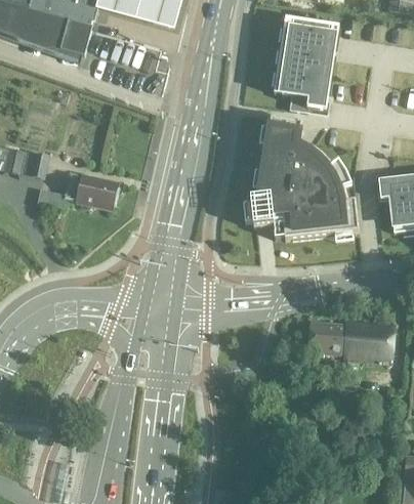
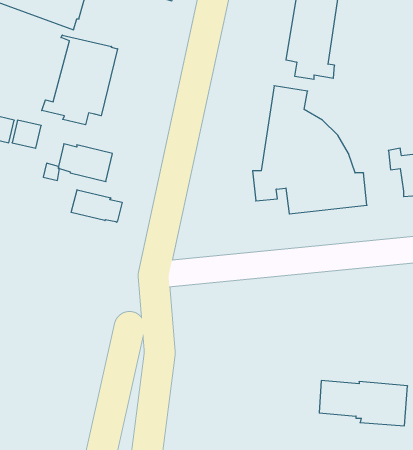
building: none -> [42,35,118,125]
building: none -> [71,190,122,222]
building: [309,321,394,364] -> [319,381,408,426]

